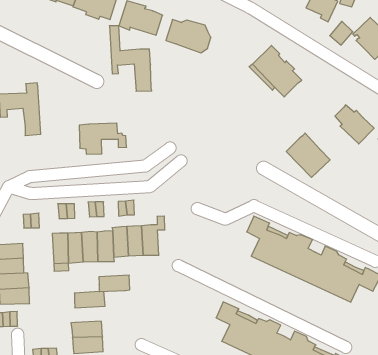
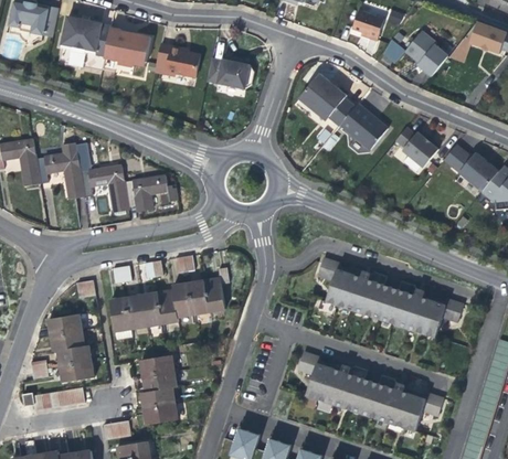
building: [109,26,152,91] -> [76,143,129,211]
building: [286,133,330,177] -> [340,103,388,149]
building: [99,275,130,292] -> [142,370,177,391]

